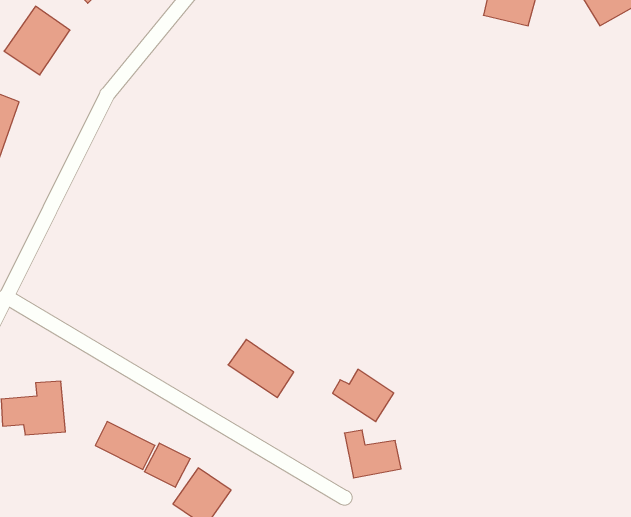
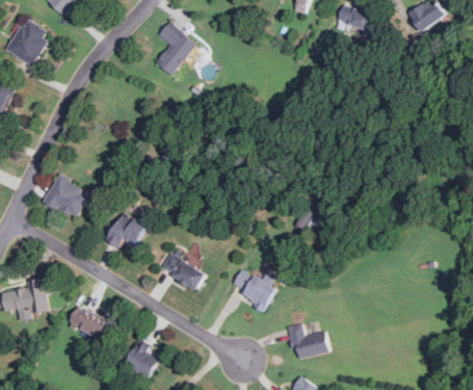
building: none -> [156,21,195,74]
building: none -> [43,174,89,219]
building: none -> [106,210,147,252]
building: [344,430,401,478] -> [289,324,329,358]
building: [144,443,190,487] -> none

